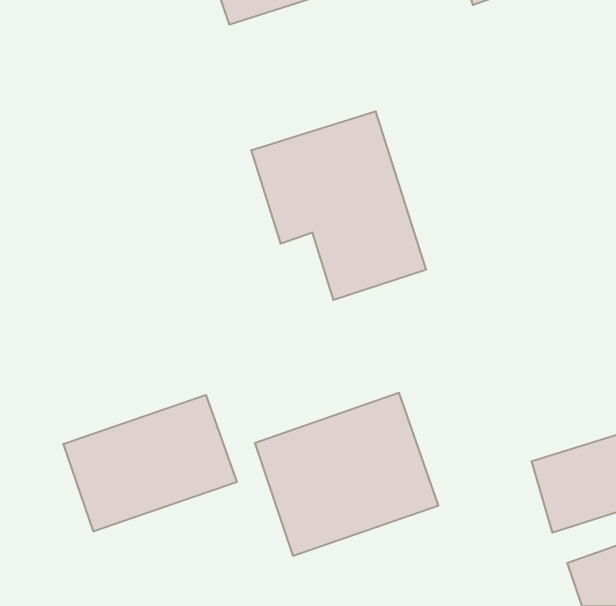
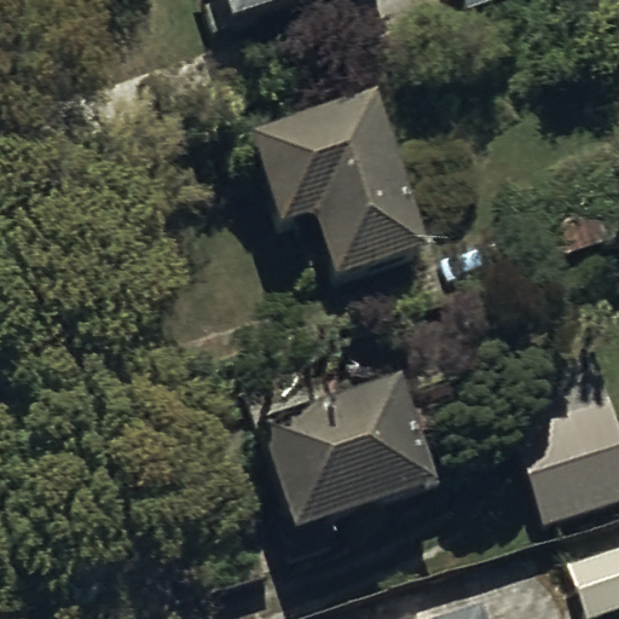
building: [63,395,237,531] -> none

